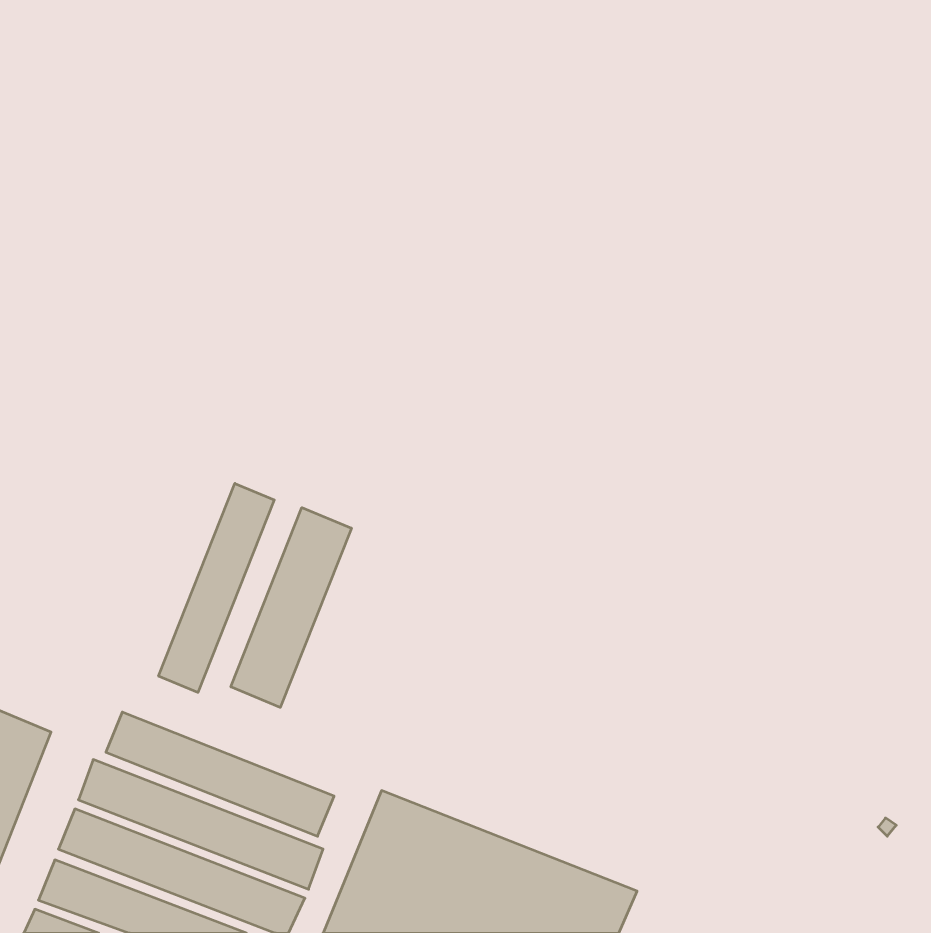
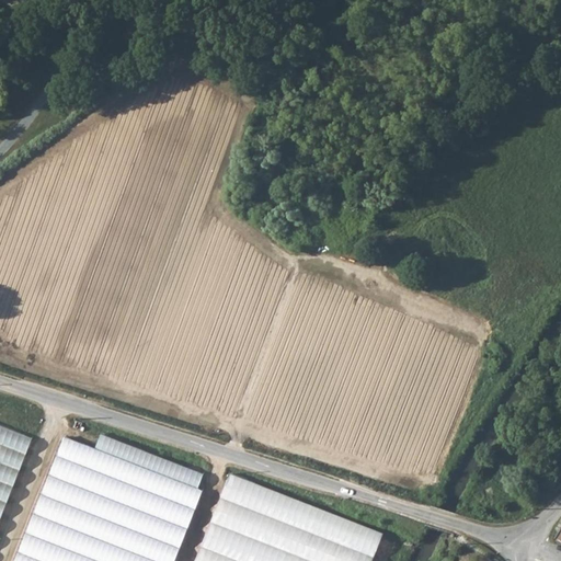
building: [159,483,274,692] -> none
building: [231,508,351,707] -> none

